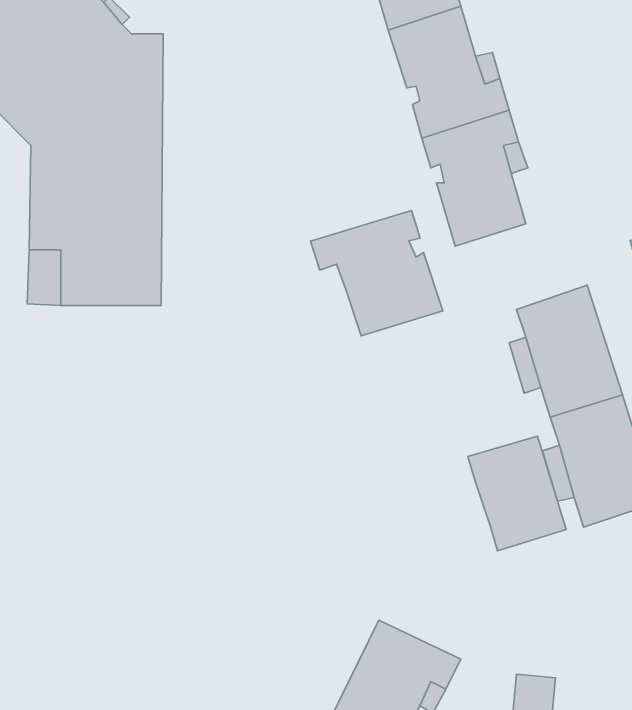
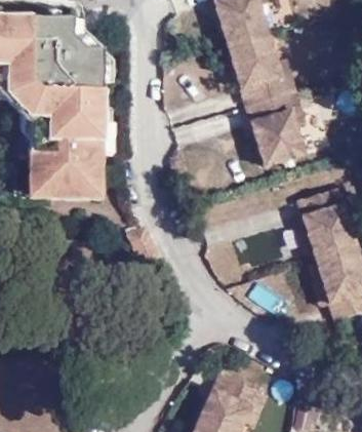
building: [310,210,443,336] -> none
building: [468,436,566,551] -> none

